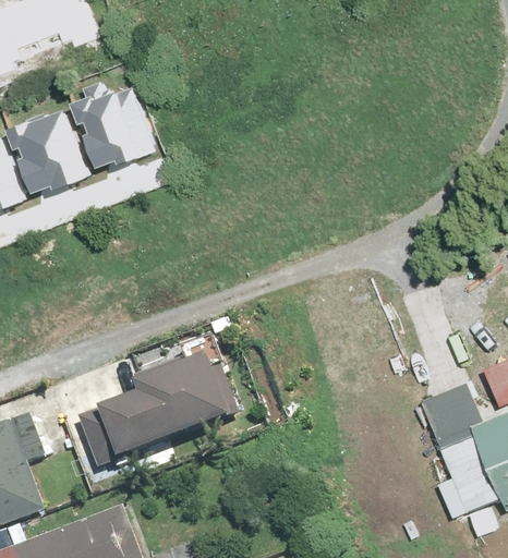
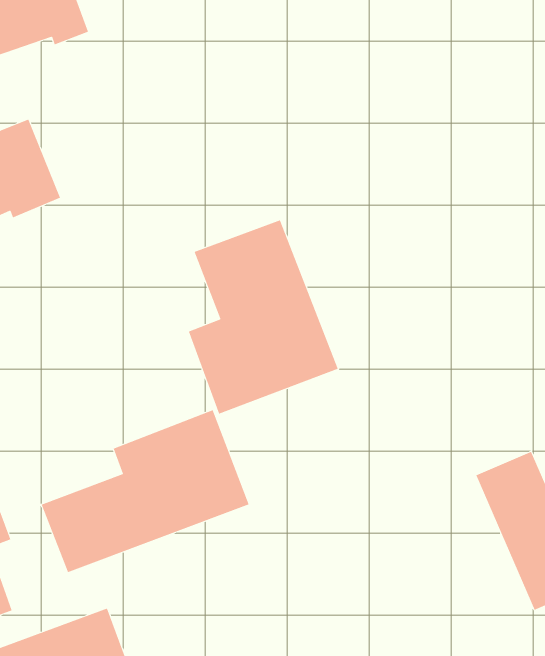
building: [65,83,153,167] -> none
building: none -> [188,219,338,415]

